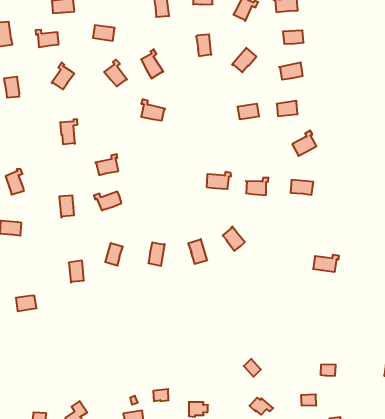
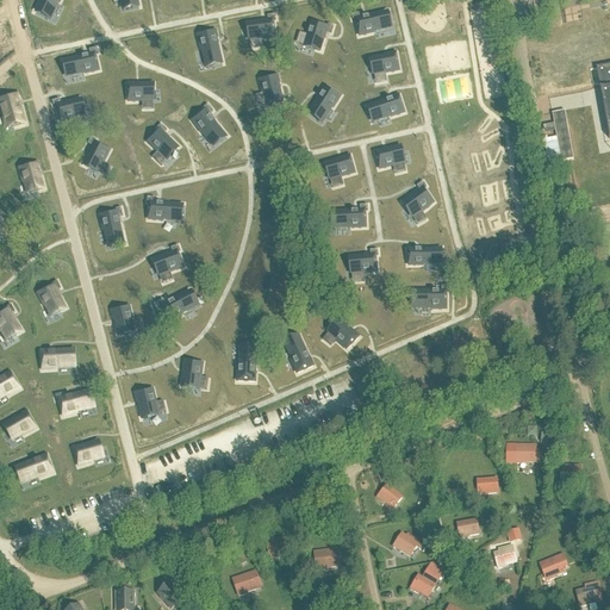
building: [141,99,165,120] -> [145,197,178,220]
building: [207,172,231,189] -> [336,205,367,228]
building: [313,255,339,272] -> [417,286,448,307]
building: none -> [54,392,88,415]
building: none -> [506,444,539,463]

